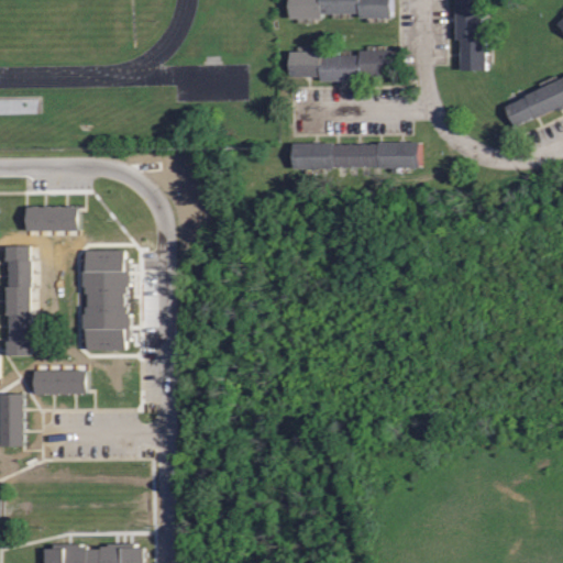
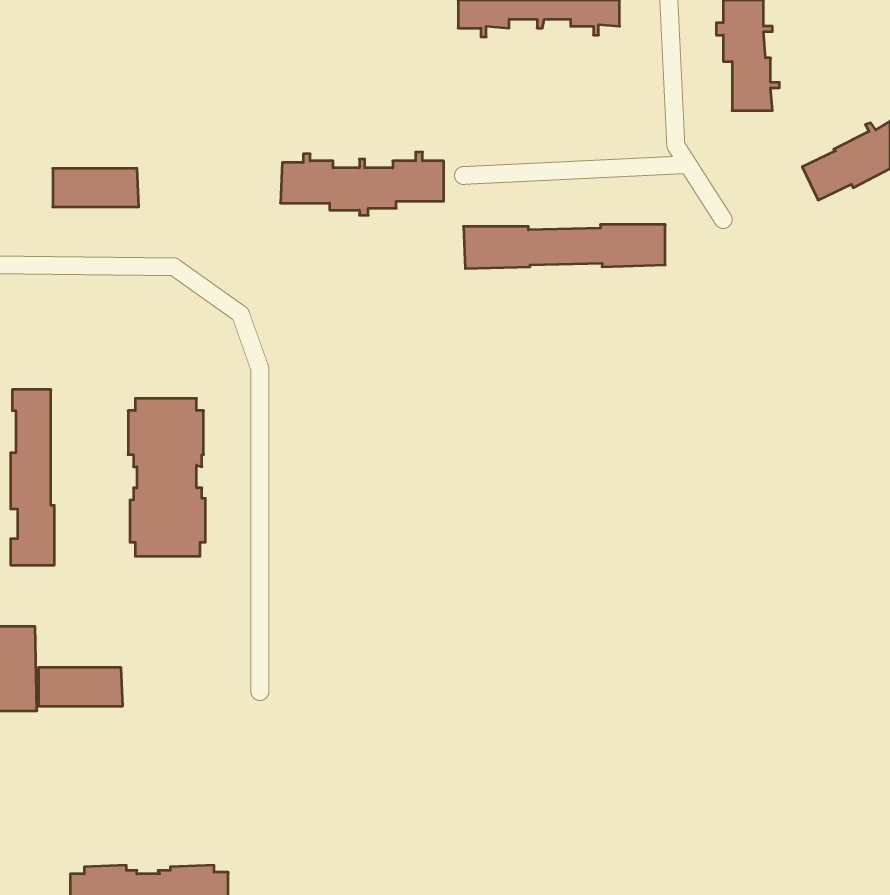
building: [287,45,389,85] -> [280,152,444,215]
building: [24,207,78,231] -> [53,168,139,207]
building: [34,369,87,394] -> [38,668,123,706]

